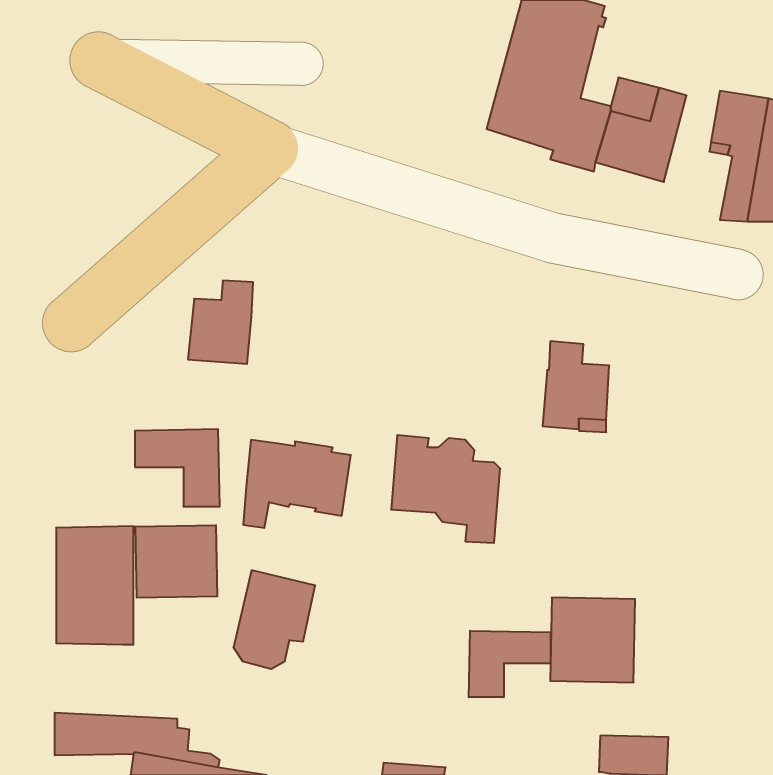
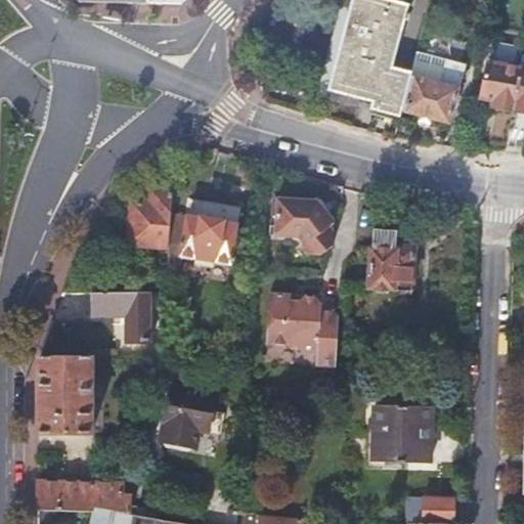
building: none -> [273,200,333,256]
building: [243,440,351,528] -> [166,214,238,273]
building: [135,525,217,598] -> none
building: [469,631,551,697] -> none

